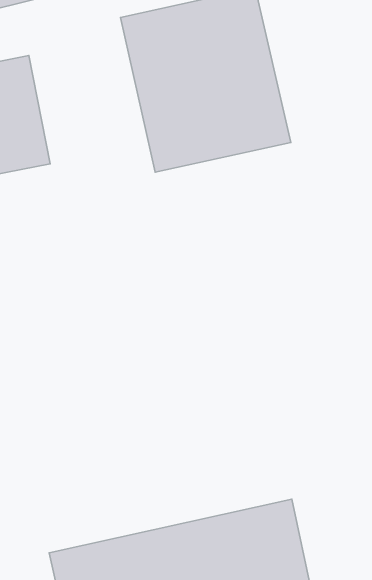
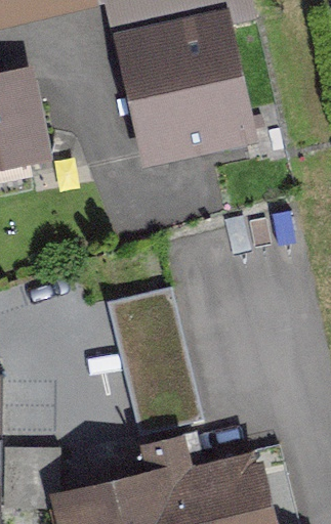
building: none -> [106,290,203,442]

